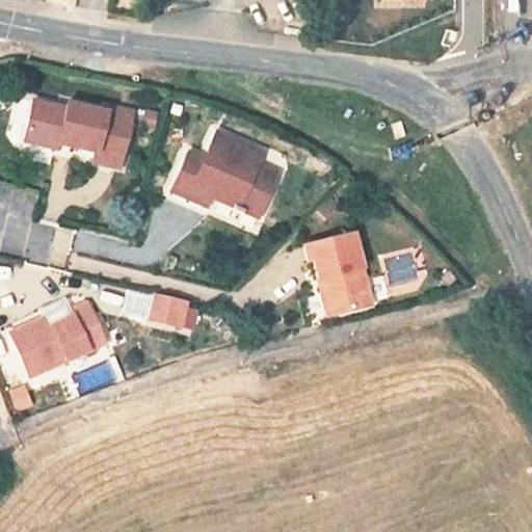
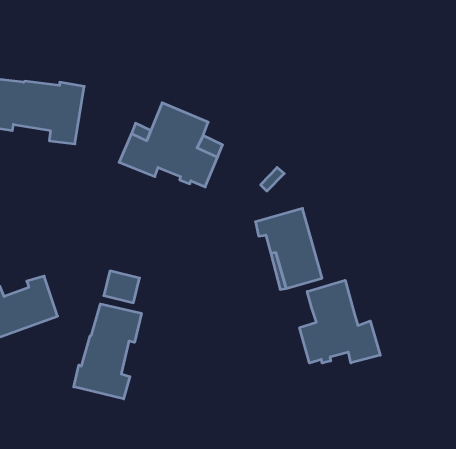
building: none -> [300,280,380,363]
building: none -> [74,304,141,399]

